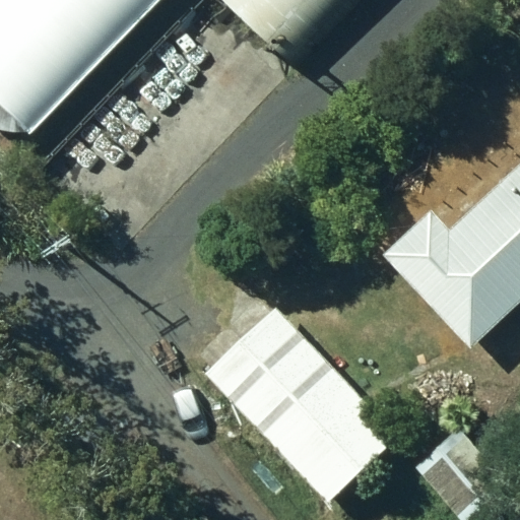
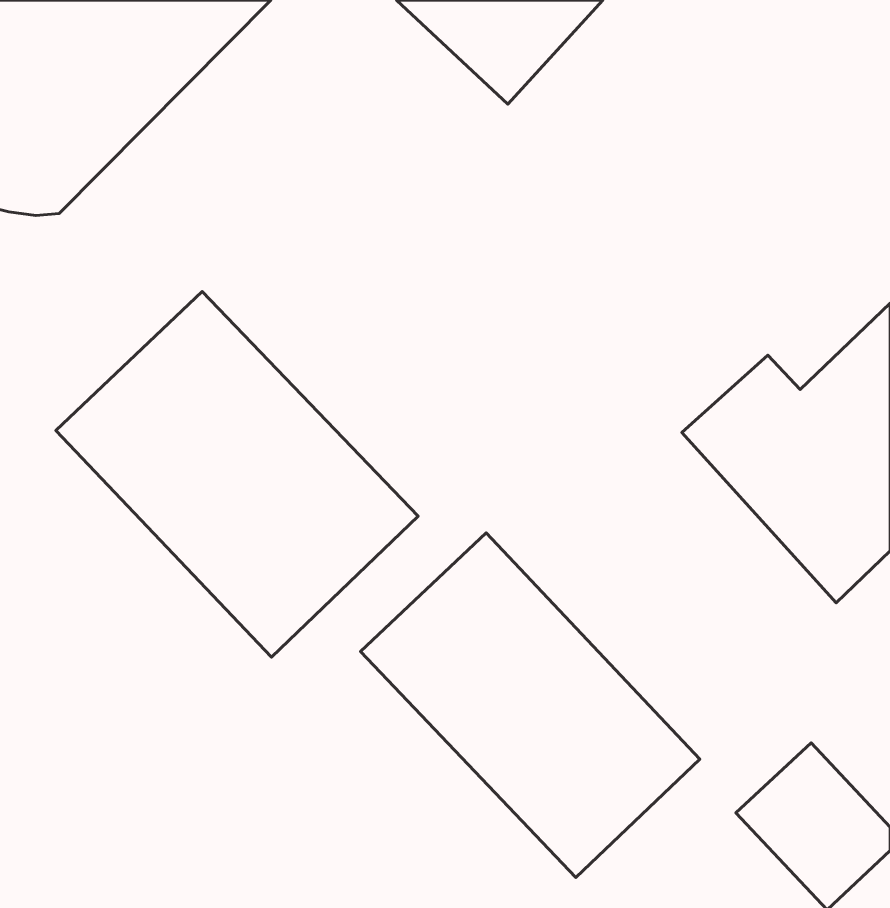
building: none -> [56,292,418,657]

